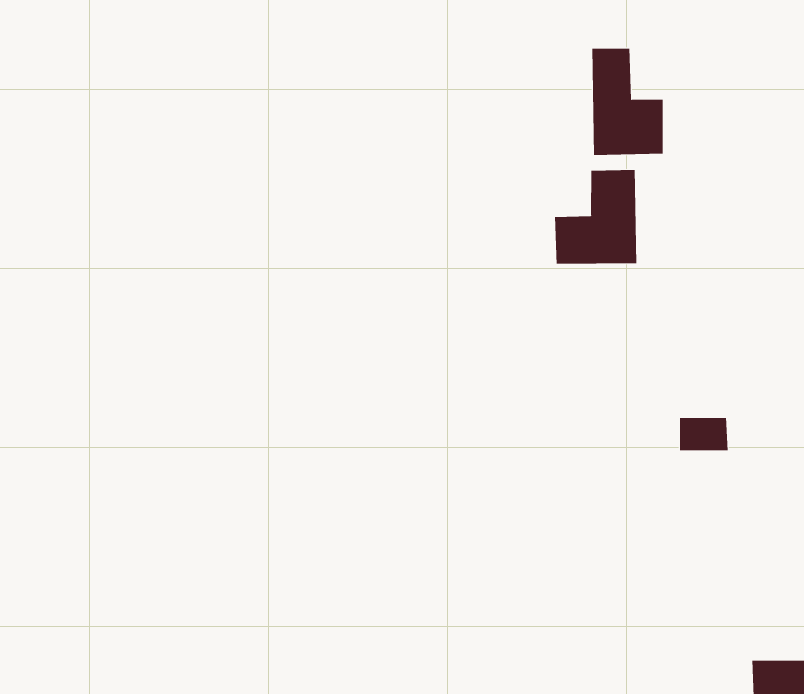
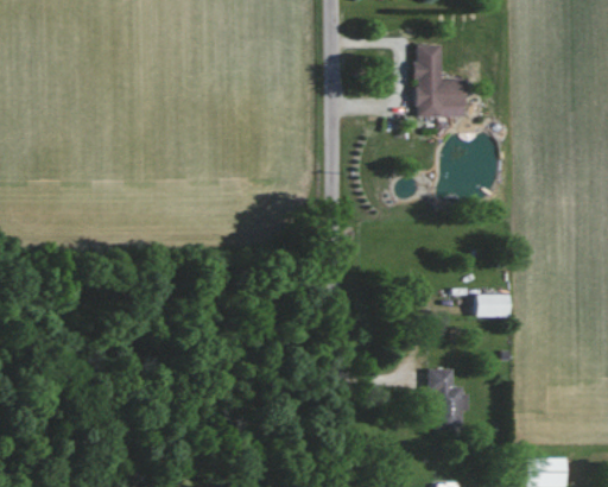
building: [554,169,637,265] -> none
building: none -> [431,368,468,429]

